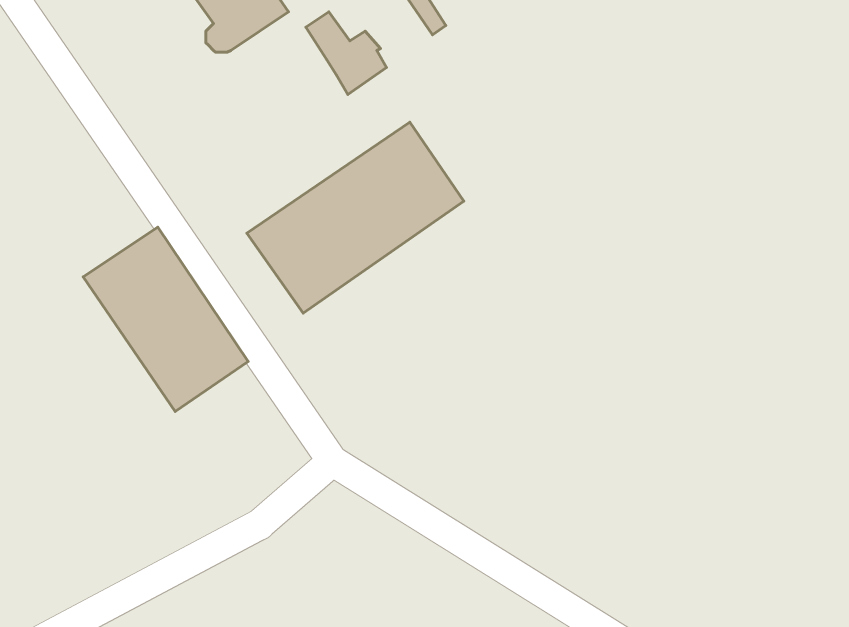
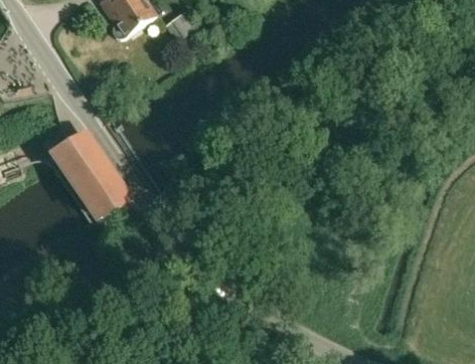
building: [247,122,464,313] -> none

